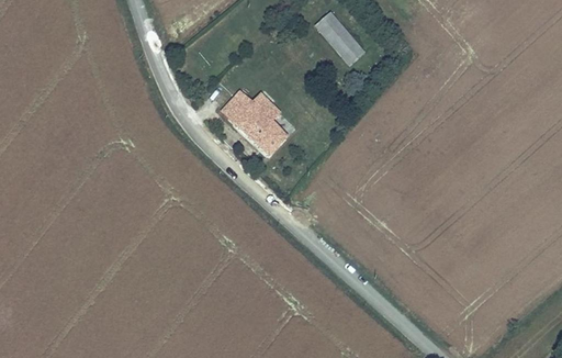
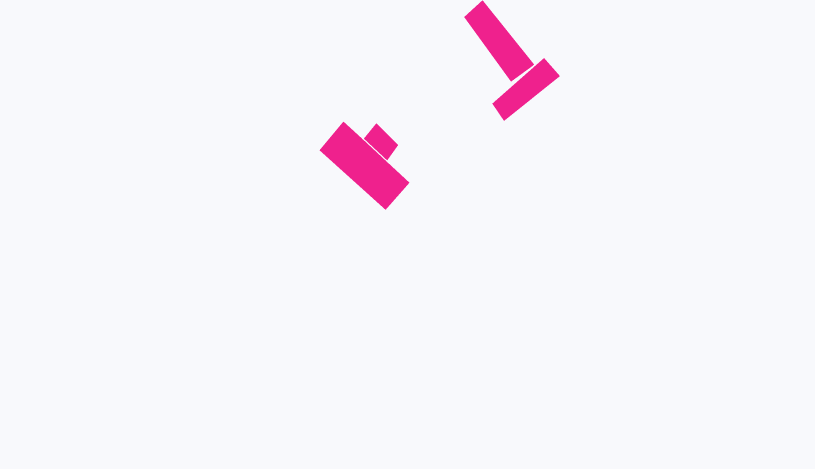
building: none -> [491,57,561,122]

